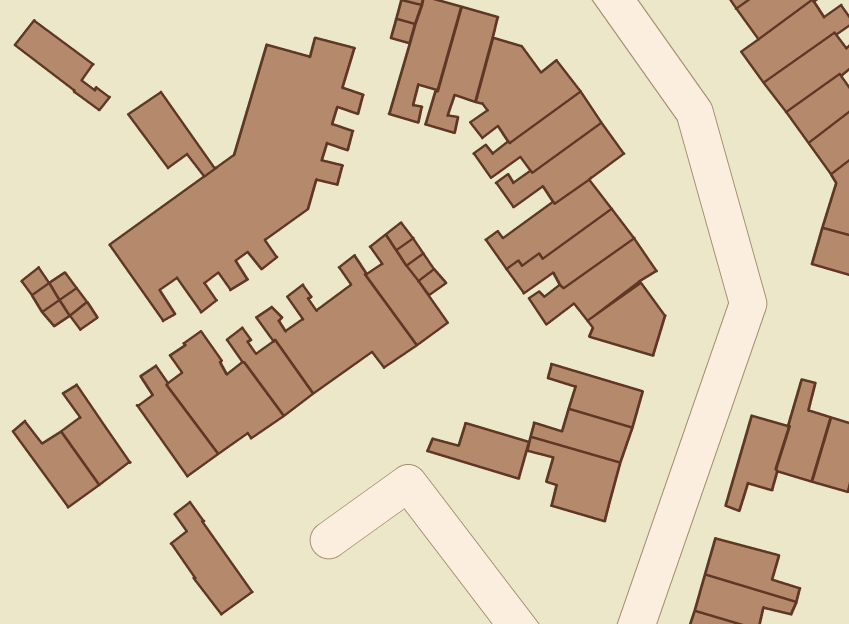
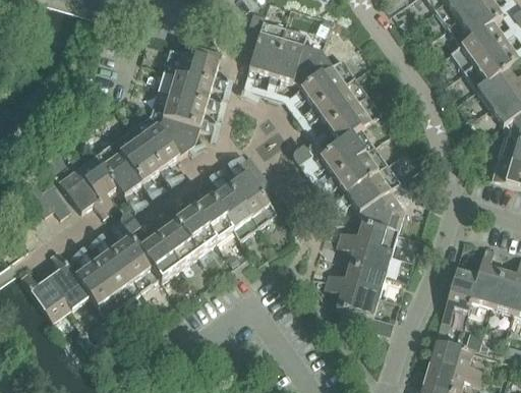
building: [15,20,110,110] -> none
building: [128,92,216,177] -> [58,167,110,217]
building: [427,423,529,478] -> [338,221,398,254]
building: [171,502,252,614] -> [75,250,123,317]

